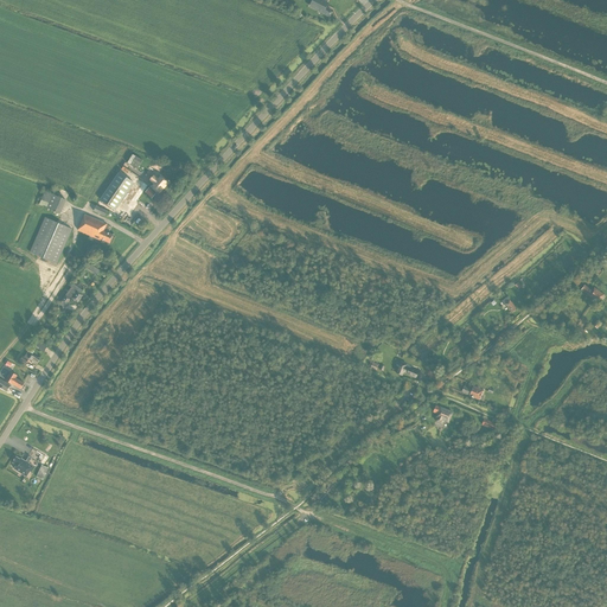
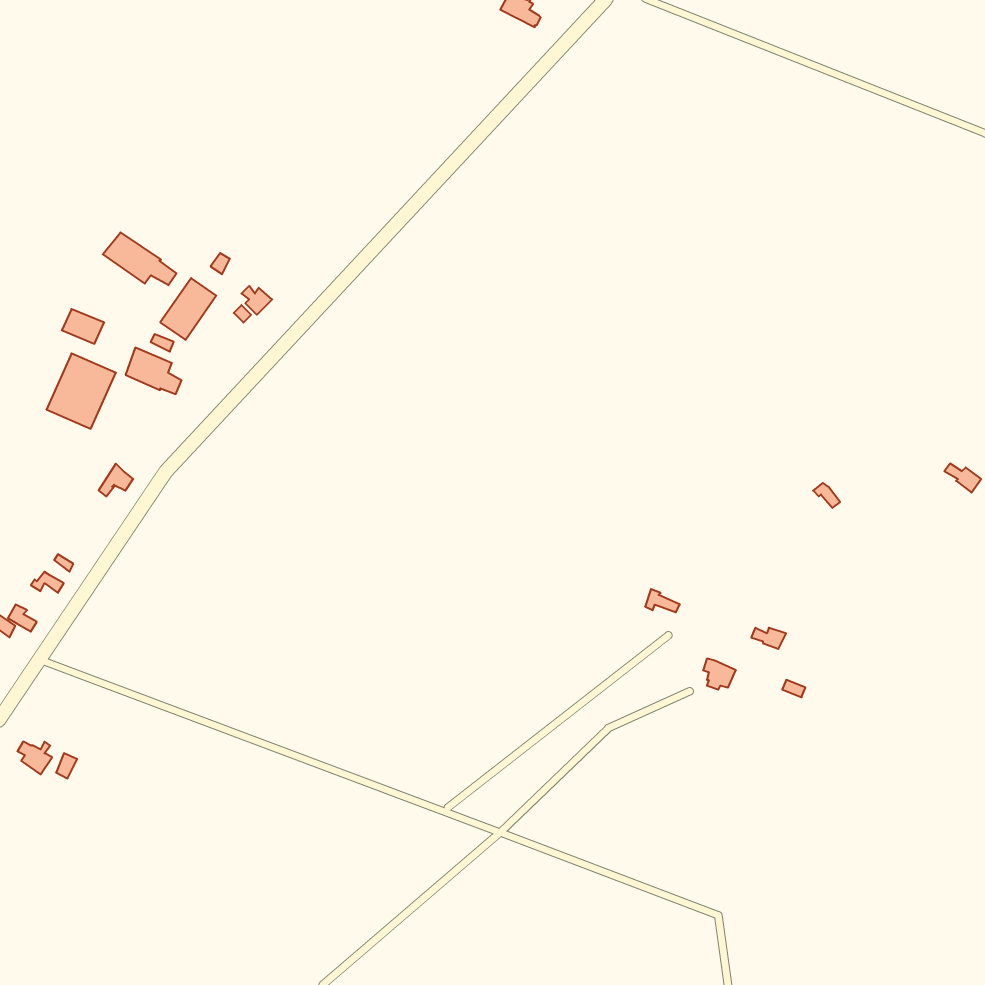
building: none -> [103,232,176,285]

